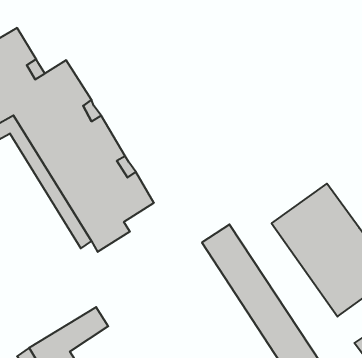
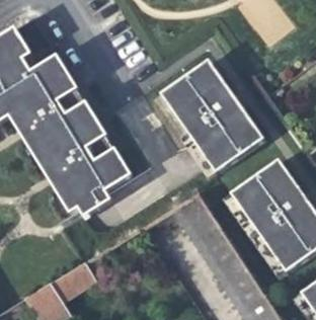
building: none -> [164,64,265,175]

